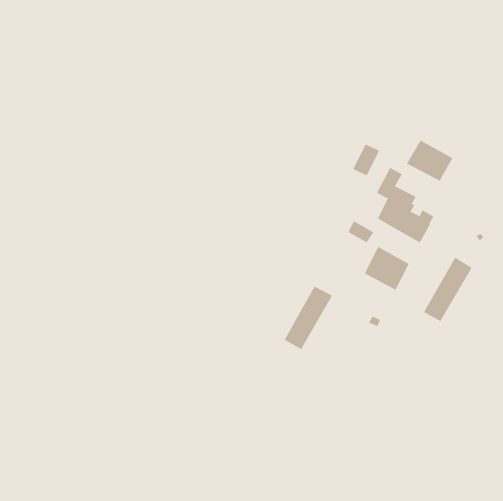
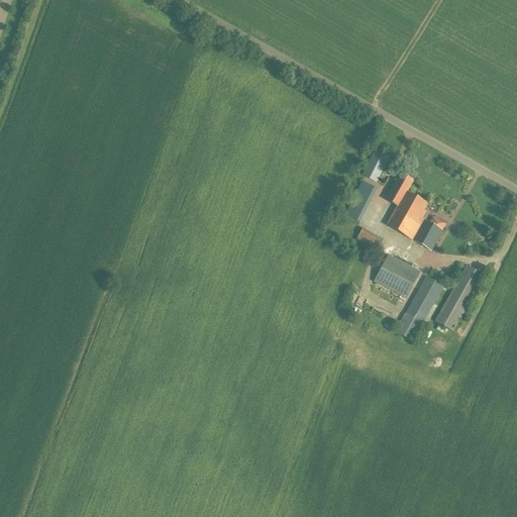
building: [406,140,453,182] -> none
building: [284,286,333,350] -> [394,275,444,340]

